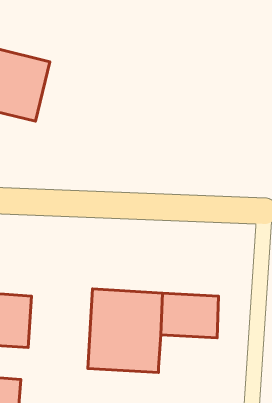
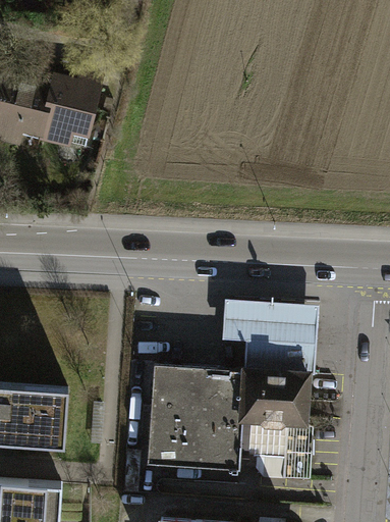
building: none -> [221,307,317,381]
building: none -> [236,430,311,487]

